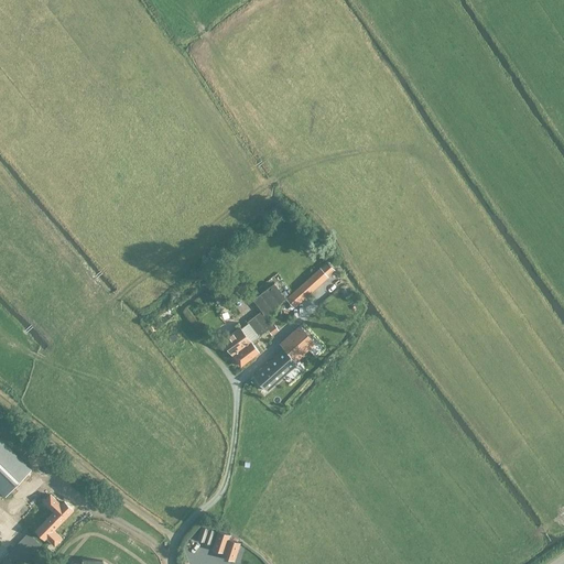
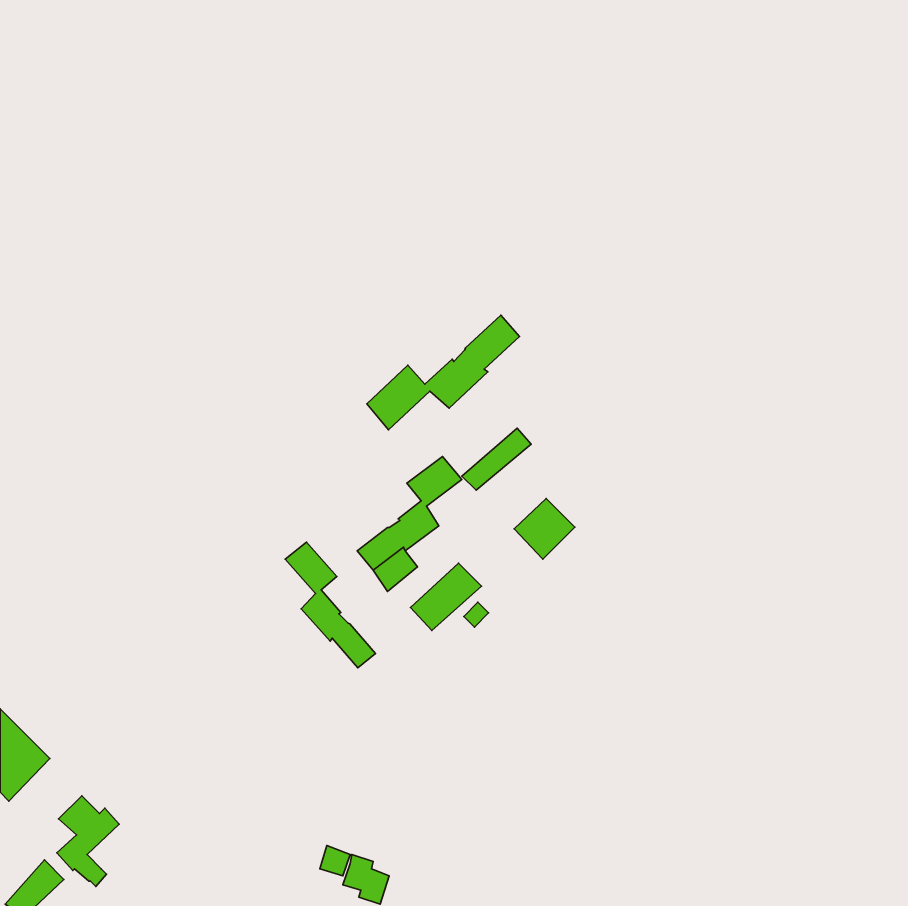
building: none -> [367,315,519,430]
building: [281,323,318,360] -> [514,499,575,559]
building: none -> [285,542,376,668]

